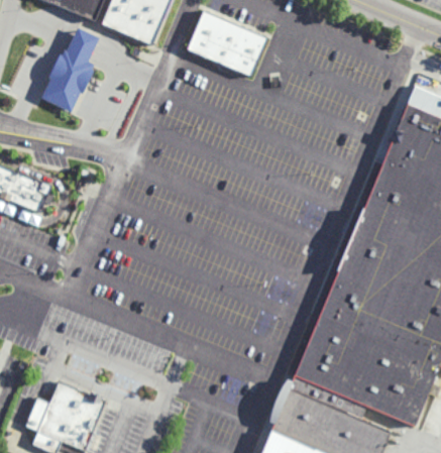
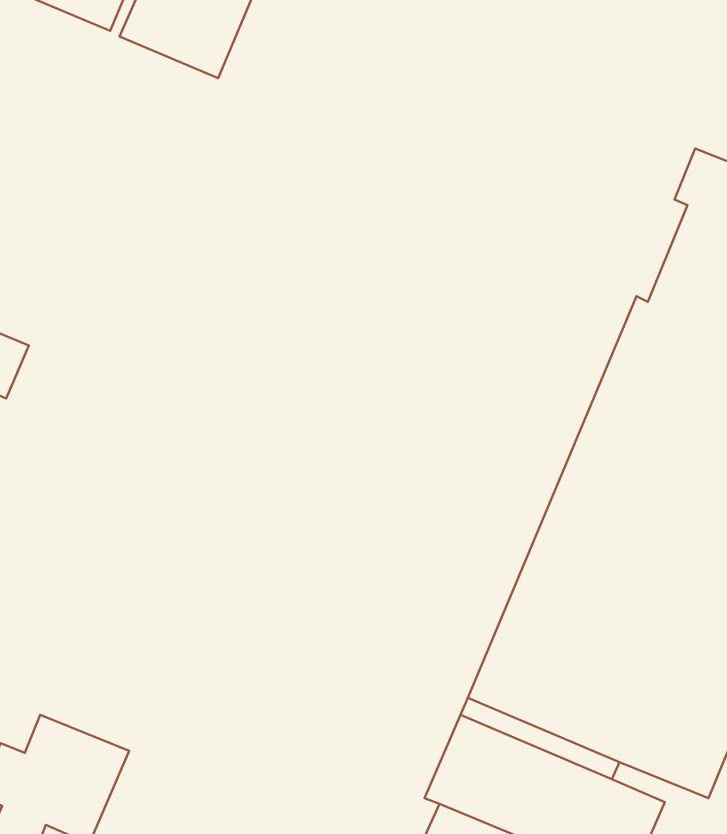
building: [187,13,268,78] -> none
building: [41,29,99,114] -> none

